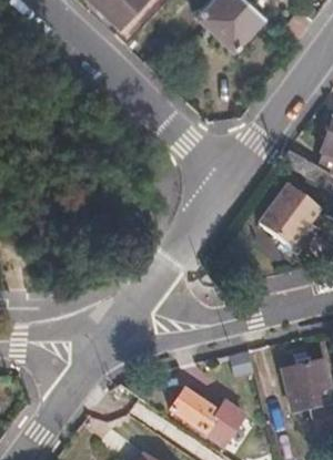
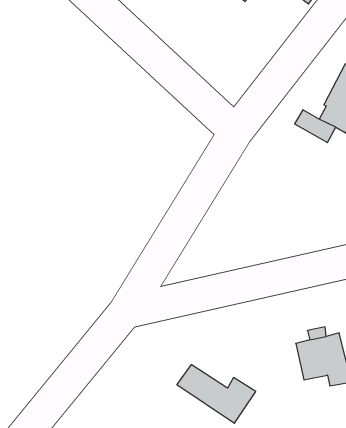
building: [262,186,323,249] -> none

